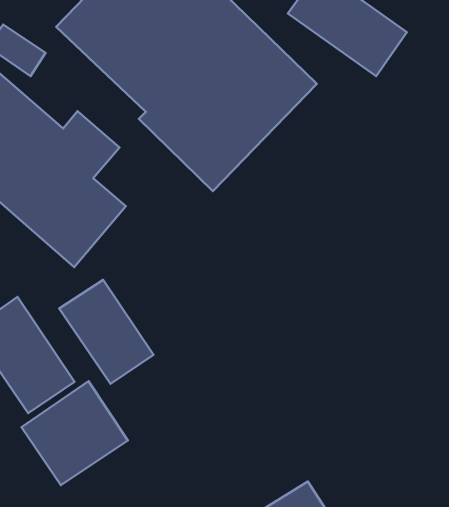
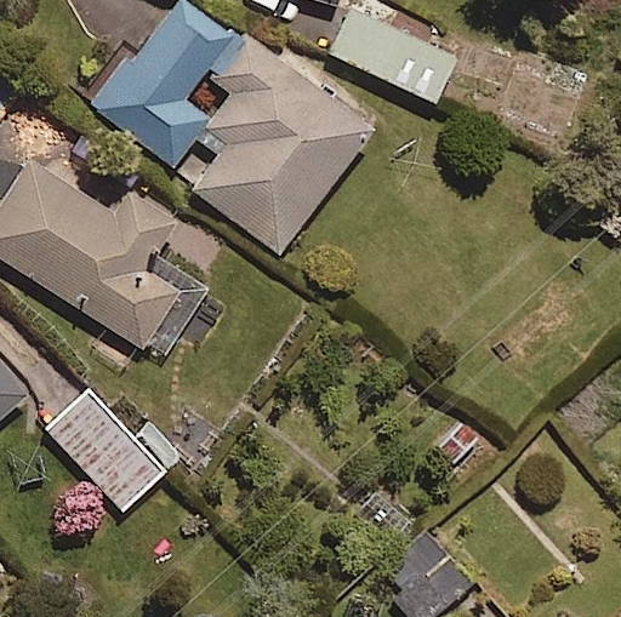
building: [59,280,153,384] -> none
building: [21,381,128,485] -> none

